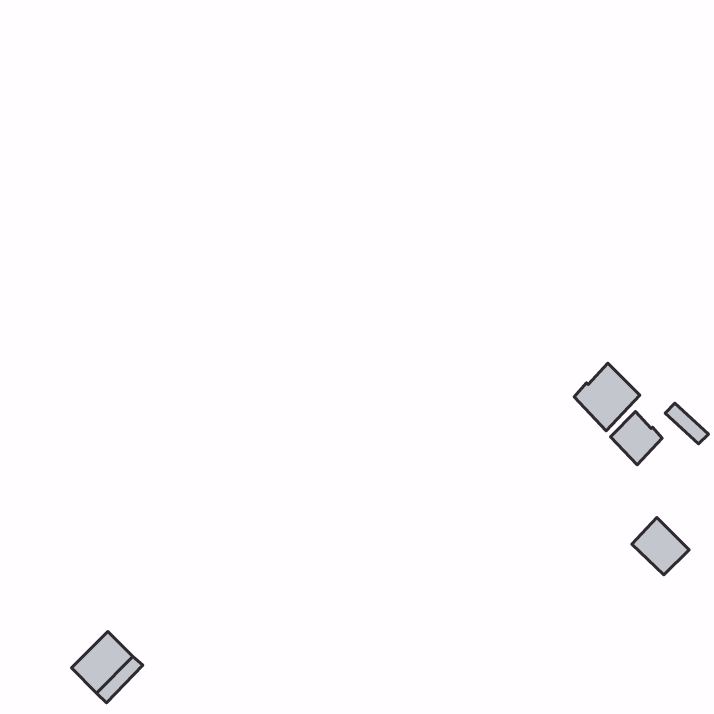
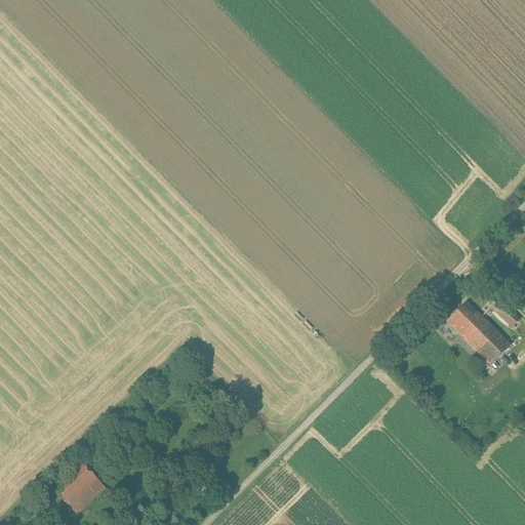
building: [574,363,640,431] -> none
building: [632,518,689,575] -> [468,321,510,363]

